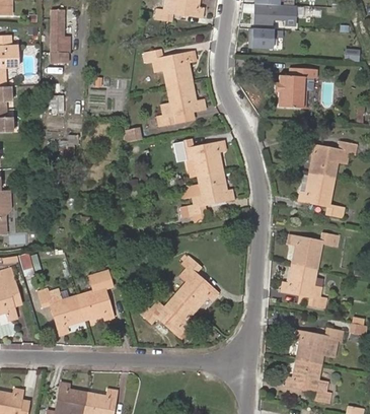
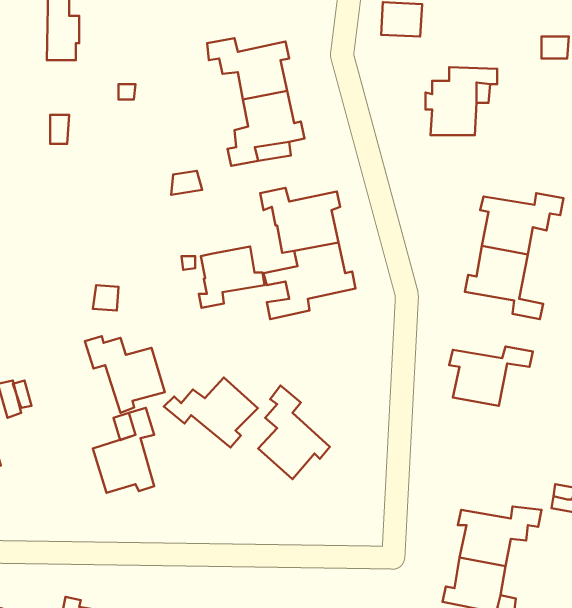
building: none -> [199,246,265,308]
building: [281,264,326,307] -> none
building: [38,287,85,333] -> [85,336,165,413]
building: [140,294,196,336] -> [164,378,258,447]

